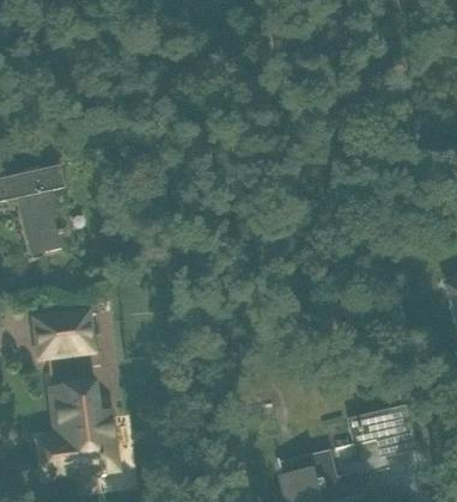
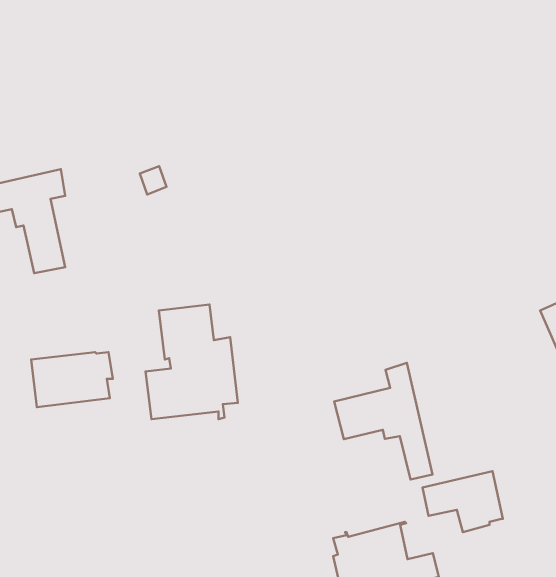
building: none -> [334,363,432,480]
building: [38,384,112,476] -> [145,304,238,419]

